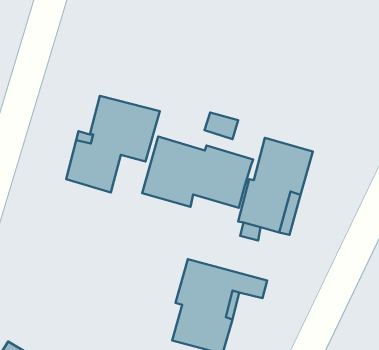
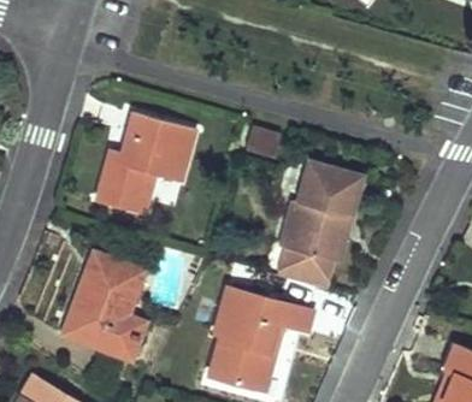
building: [142,137,253,208] -> none
building: none -> [63,252,146,359]

